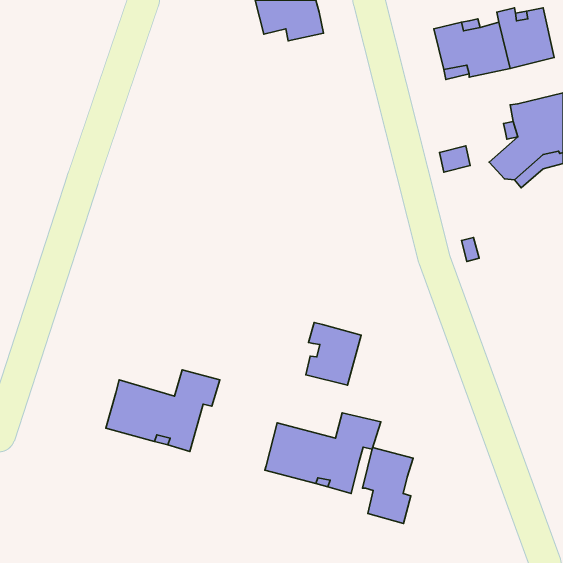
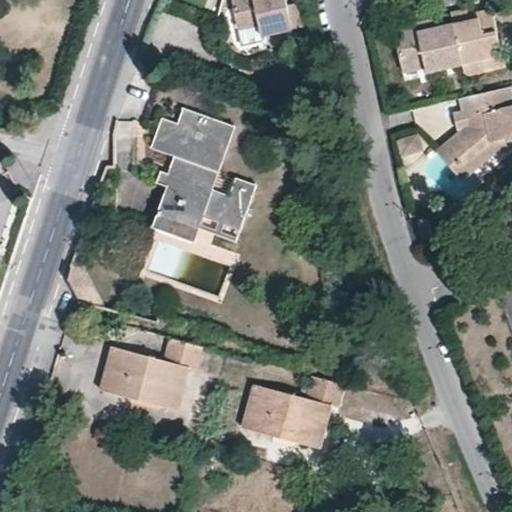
building: none -> [151,108,257,243]
building: [306,323,361,385] -> none
building: [362,447,413,523] -> none

